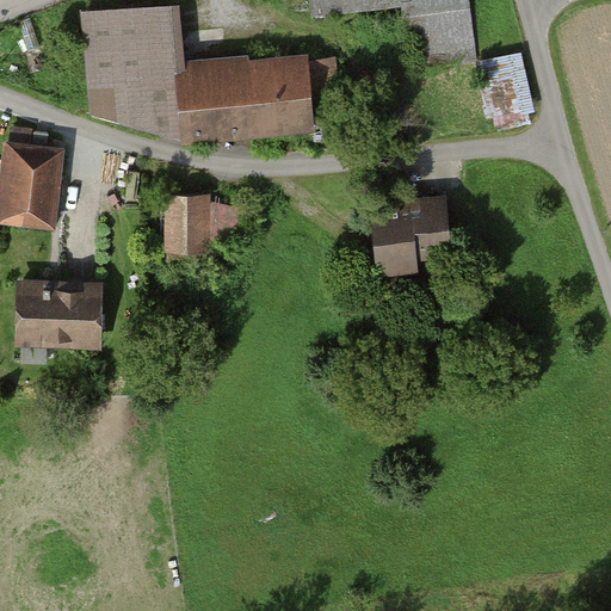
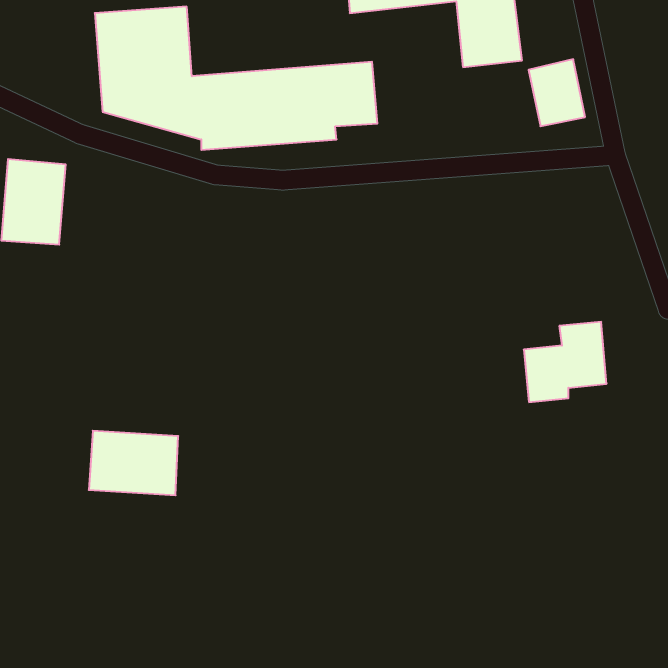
building: [163,196,245,257] -> none
building: [374,197,449,270] -> [524,322,607,402]
building: [14,285,95,344] -> [89,431,178,495]

